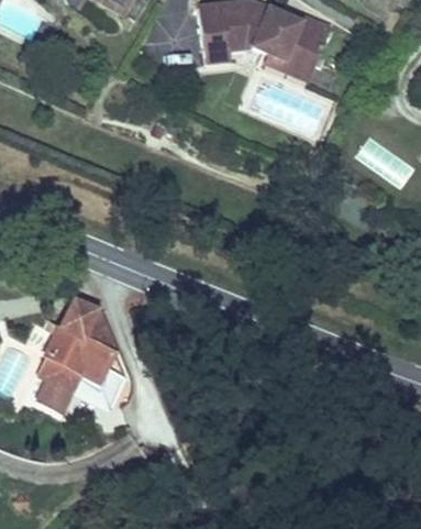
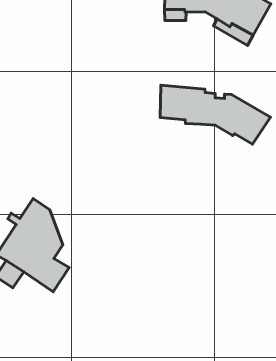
building: none -> [160,85,270,144]

